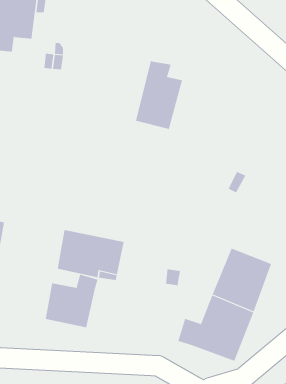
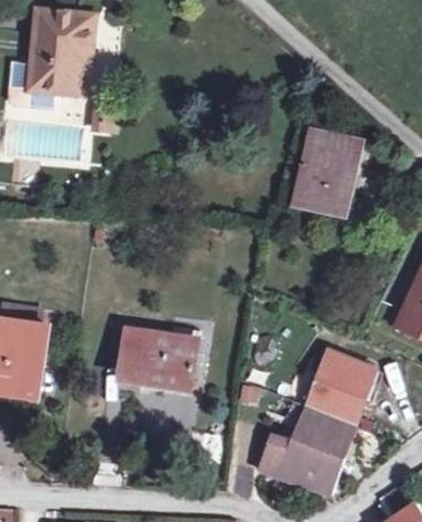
building: [135,61,183,130] -> [302,137,361,222]
building: [45,274,98,328] -> none

